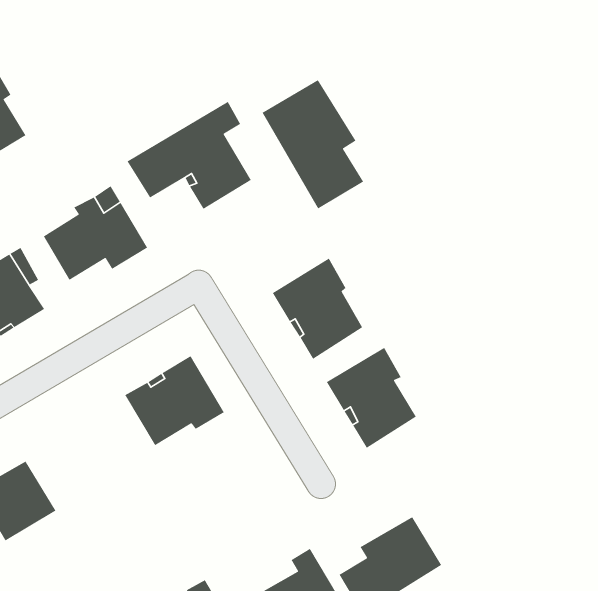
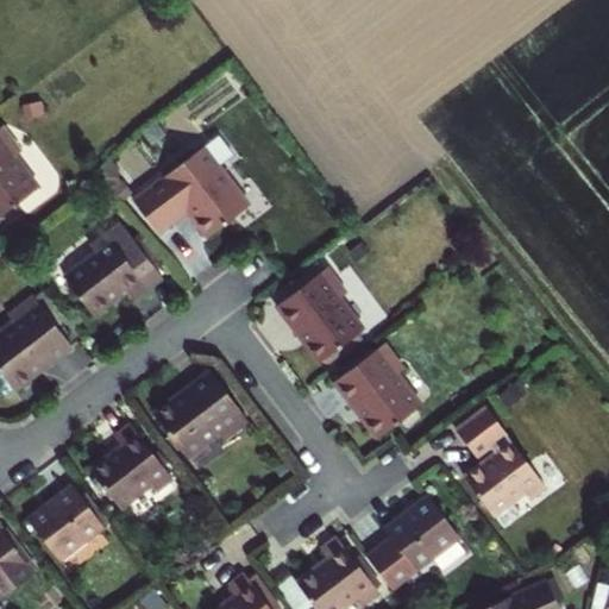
building: [262,79,364,210] -> none
building: none -> [90,423,171,508]
building: none -> [458,408,546,515]

